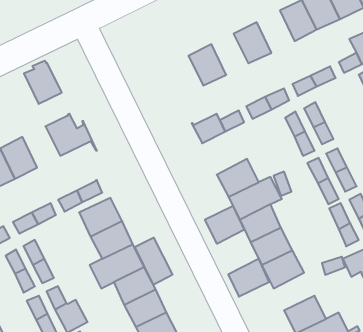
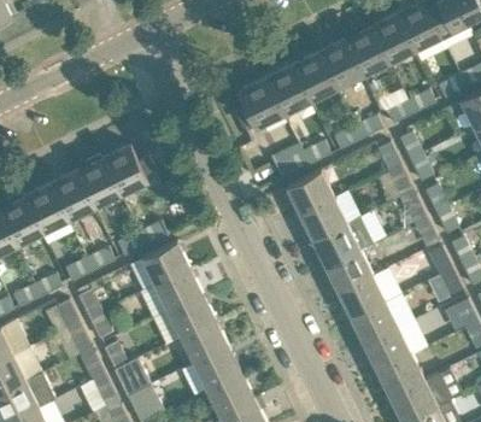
building: none -> [345,25,388,76]
building: none -> [293,54,335,101]
building: none -> [235,80,283,143]
building: [24,61,62,104] -> [76,158,119,207]
building: none -> [286,171,334,216]
building: [205,206,244,244] -> none
building: [135,238,172,285] -> none
building: [228,259,269,297] -> [364,328,411,371]

